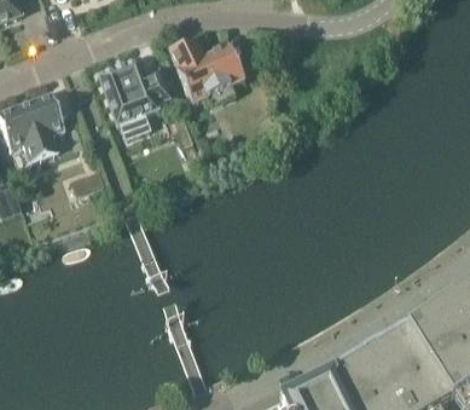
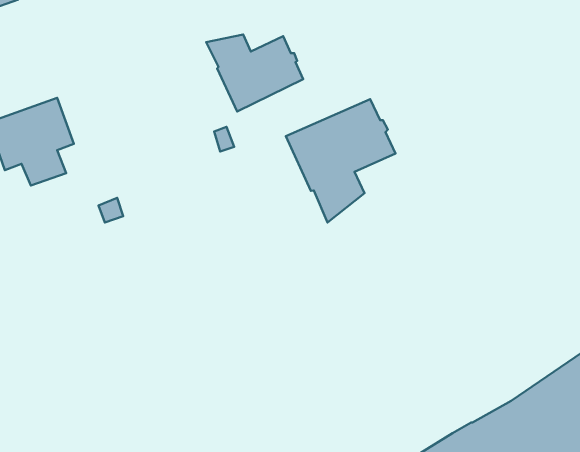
building: [98,57,169,140] -> none
building: none -> [286,99,395,222]

